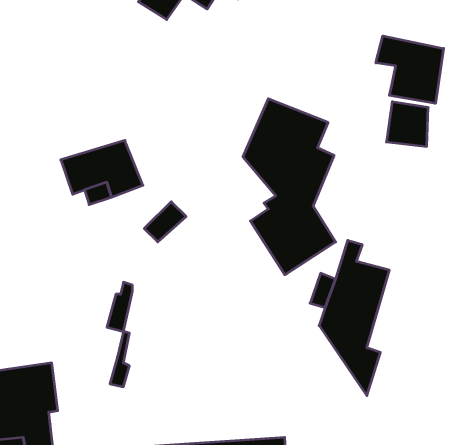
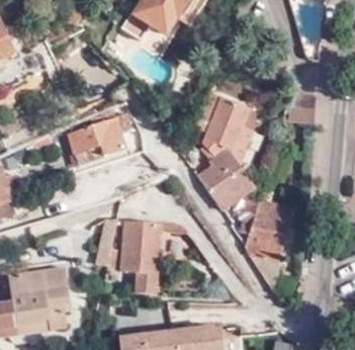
building: [376,36,444,103] -> none
building: none -> [121,223,164,295]

